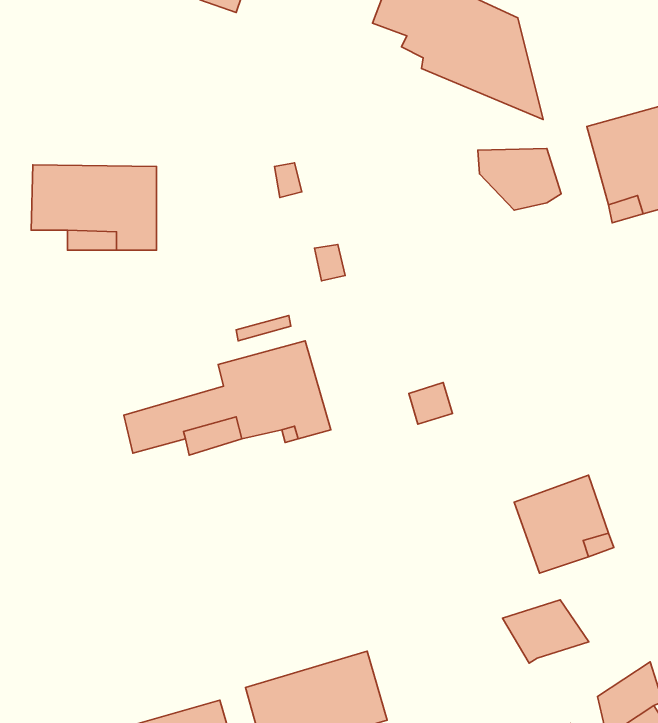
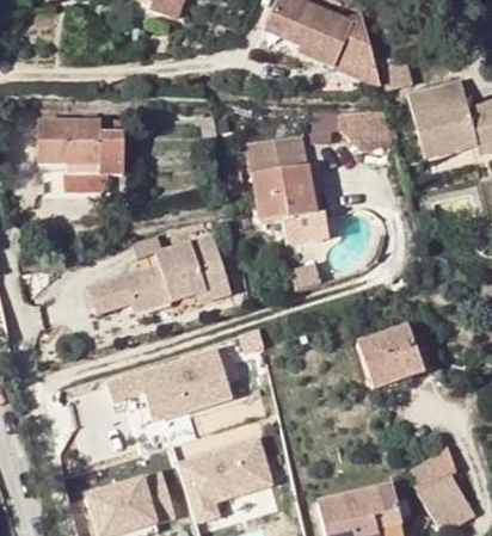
building: none -> [247,131,327,241]
building: none -> [110,347,234,419]
building: [503,600,589,663] -> none

